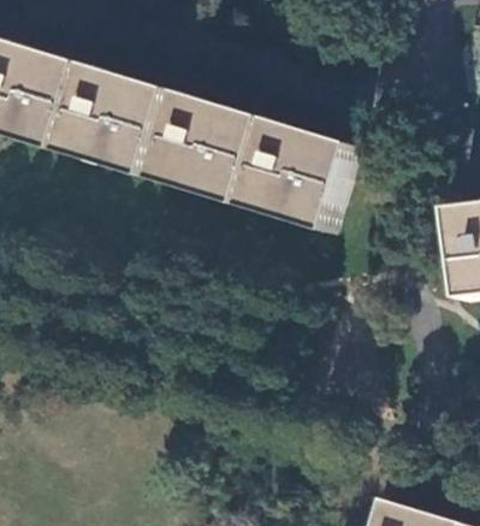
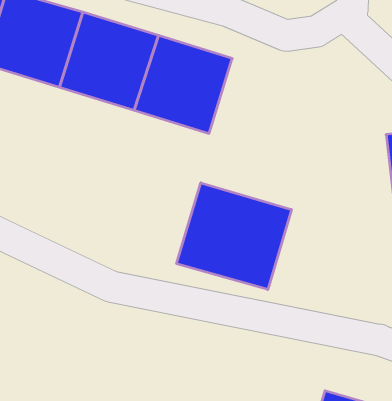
building: [242,119,349,229] -> none
building: none -> [177,183,291,290]

